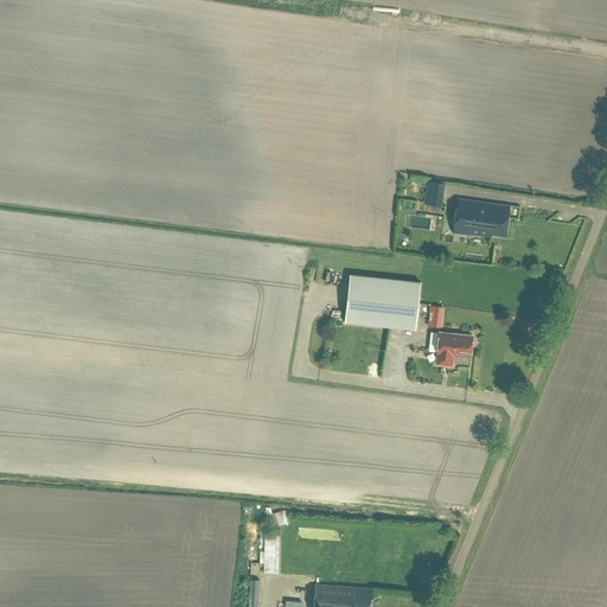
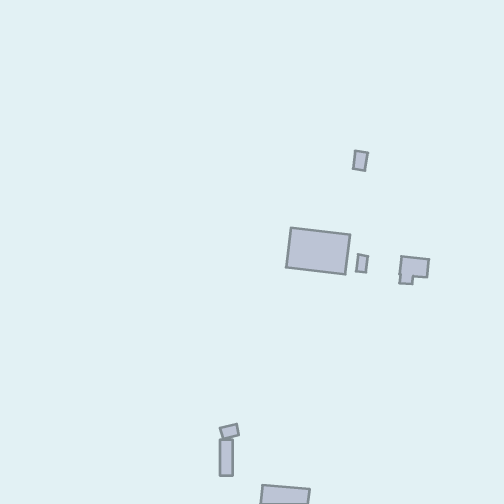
building: [451,198,507,236] -> none
building: [436,332,472,365] -> [399,256,429,284]

